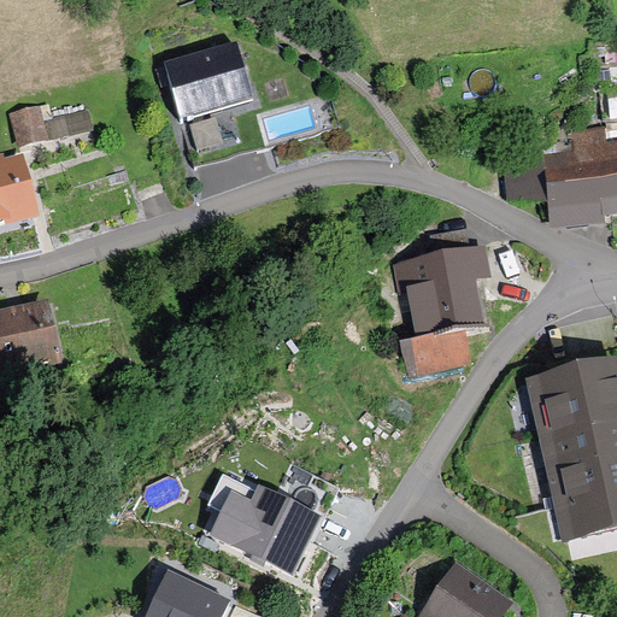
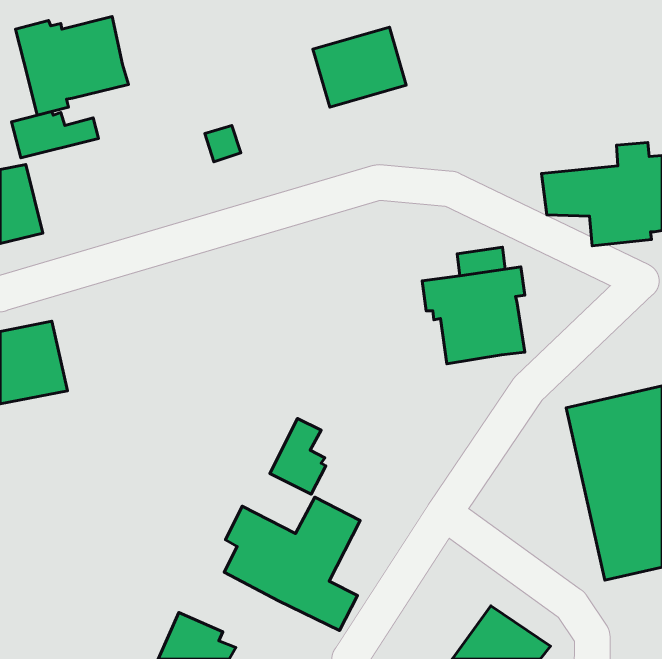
building: none -> [16,17,129,115]
building: [166,45,253,119] -> [313,27,406,107]
building: [404,330,471,372] -> none
building: none -> [270,418,326,494]

